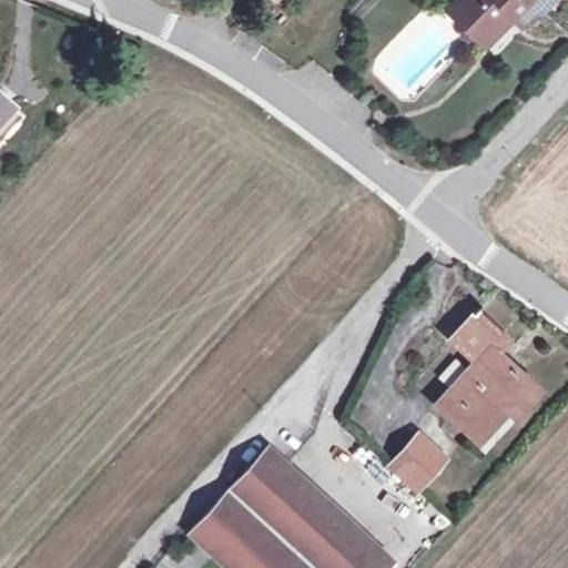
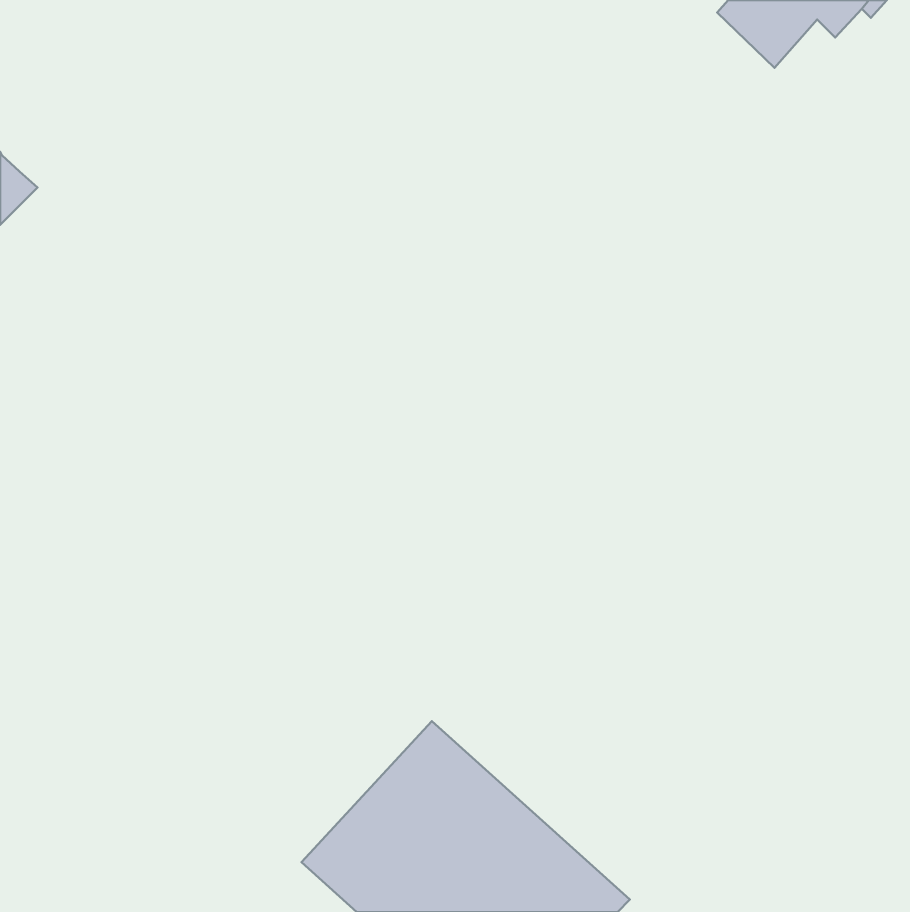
building: [438,311,538,439] -> none
building: [392,432,448,488] -> none

